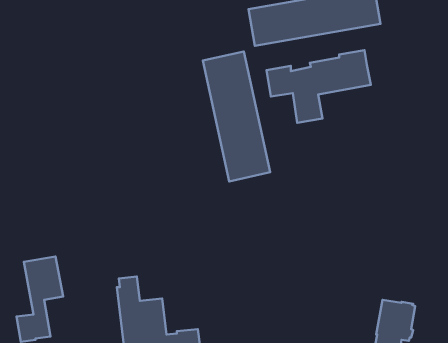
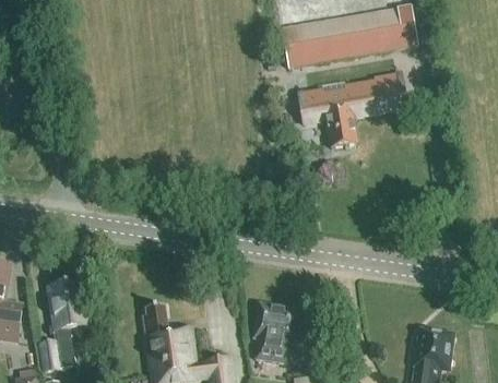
building: [203,51,270,181] -> none
building: none -> [254,304,299,364]

